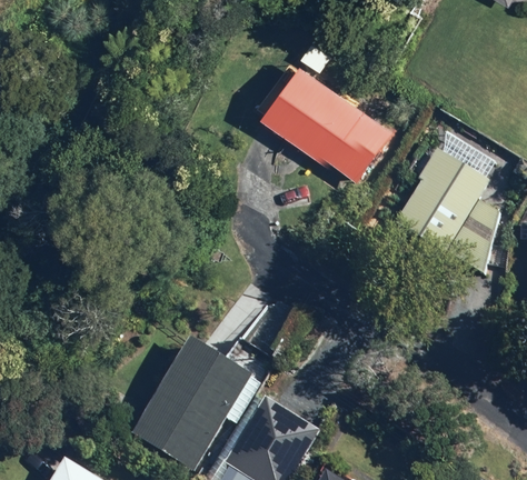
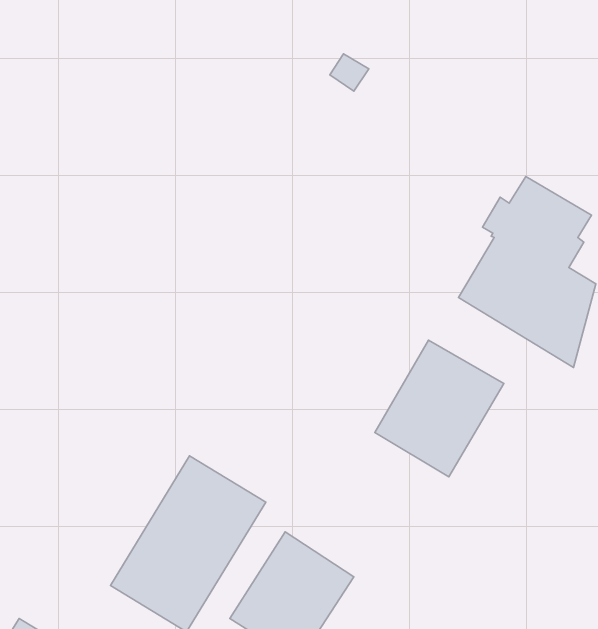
building: [264,64,394,184] -> none
building: none -> [375,340,504,477]

